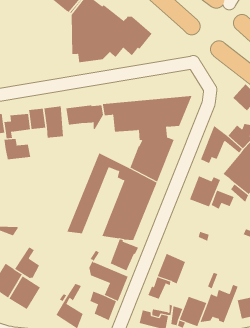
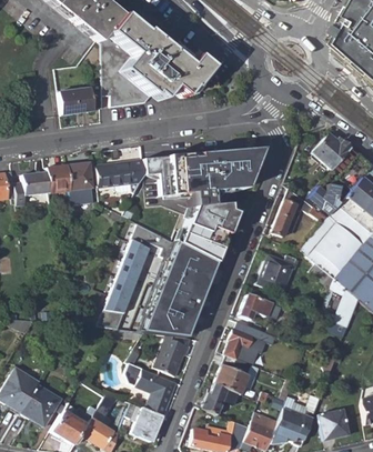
building: none -> [59,87,93,114]
building: [4,138,31,160] -> none
building: [211,190,235,209] -> [240,294,271,320]
building: none -> [224,322,266,365]
building: [14,247,40,279] -> [51,402,84,444]

